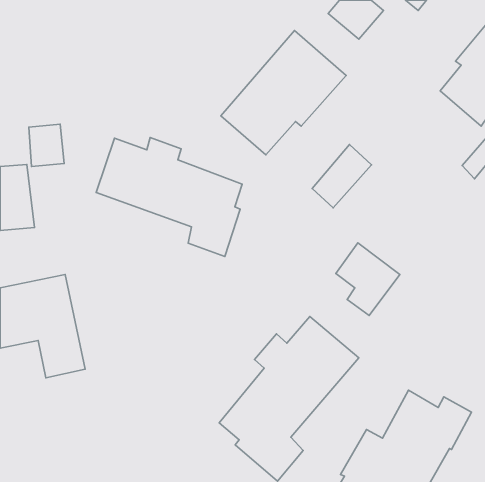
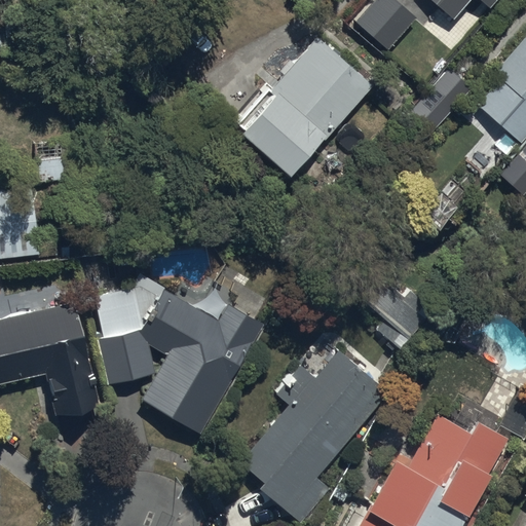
building: [96,137,242,257] -> none
building: [312,145,372,208] -> [406,71,469,139]
building: none -> [95,273,263,433]

